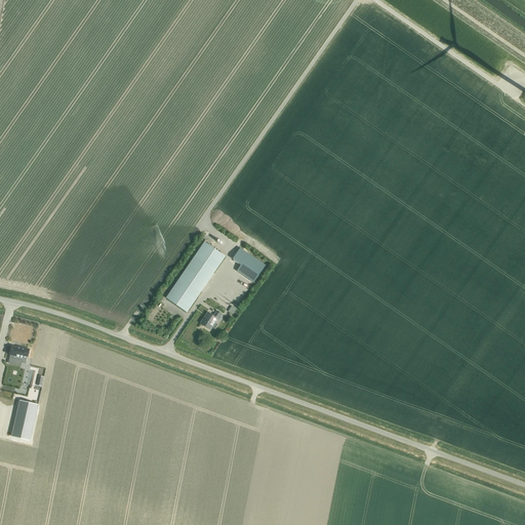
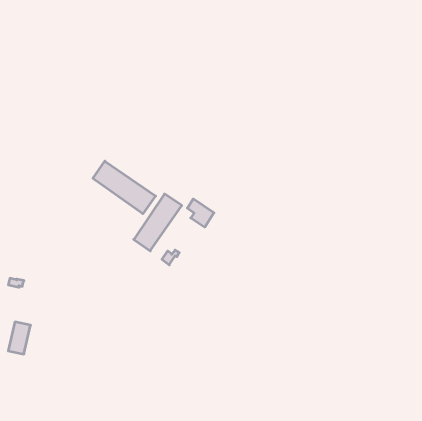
building: none -> [93,161,156,214]

